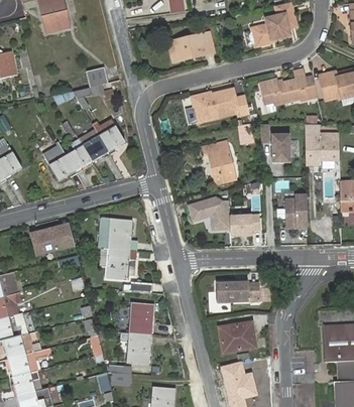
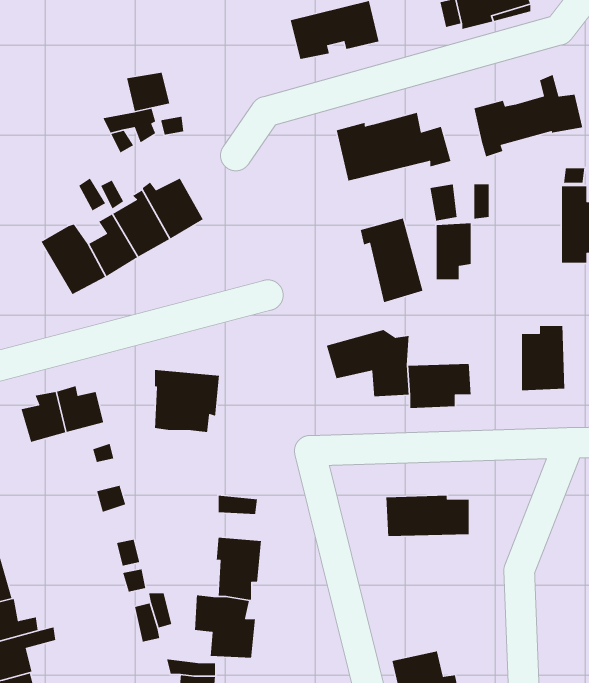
building: [272,134,290,163] -> [436,222,472,280]
building: [106,249,136,279] -> none
building: [219,321,254,353] -> none

